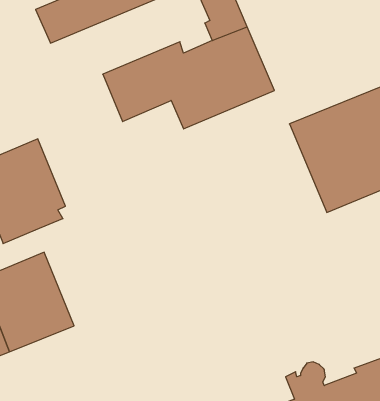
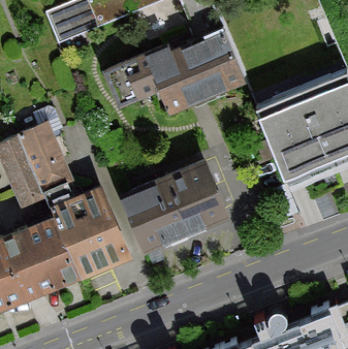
building: none -> [121,160,229,253]
building: none -> [48,188,131,279]

